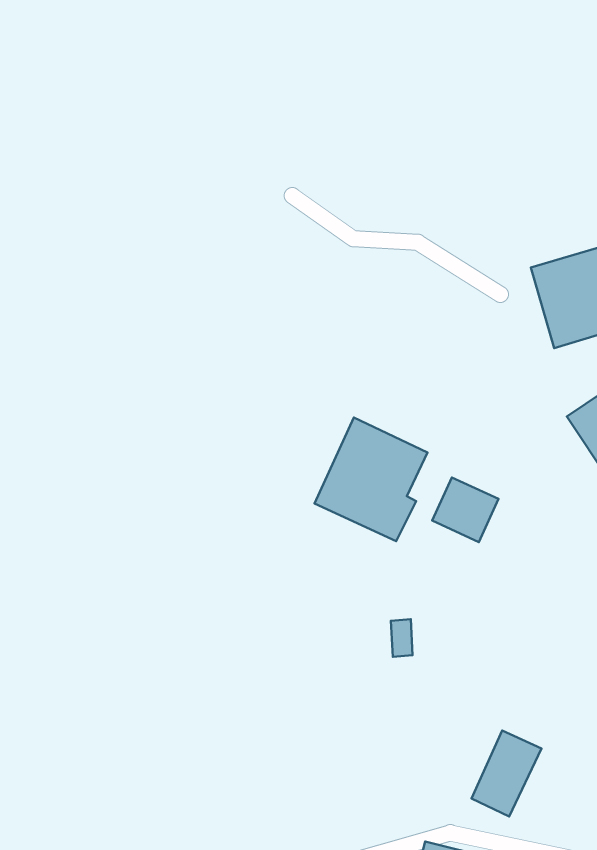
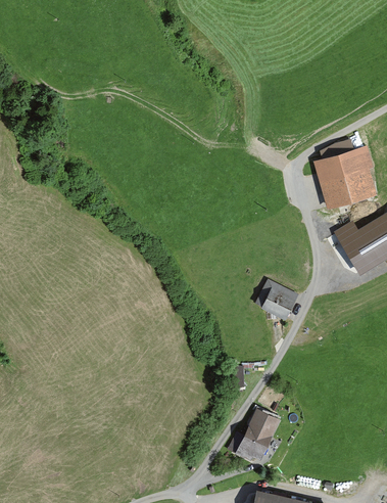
building: [315,418,427,541] -> none
building: [472,730,542,817] -> [238,409,278,458]

